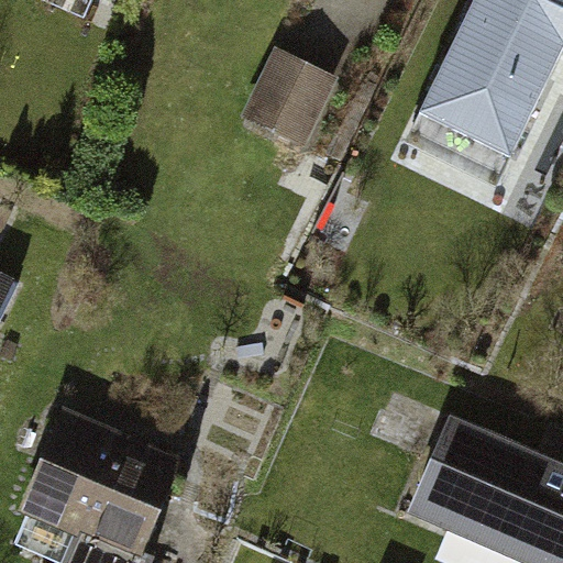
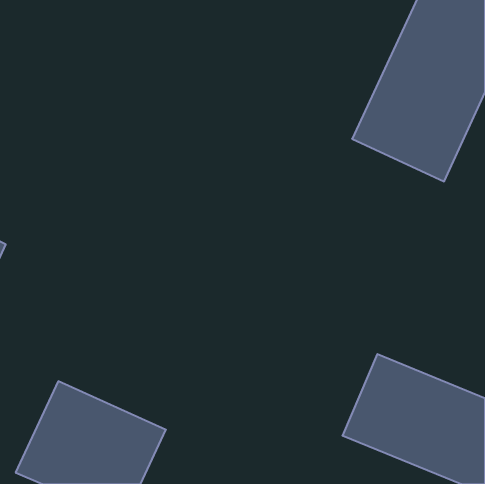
building: [239,59,329,162] -> none

